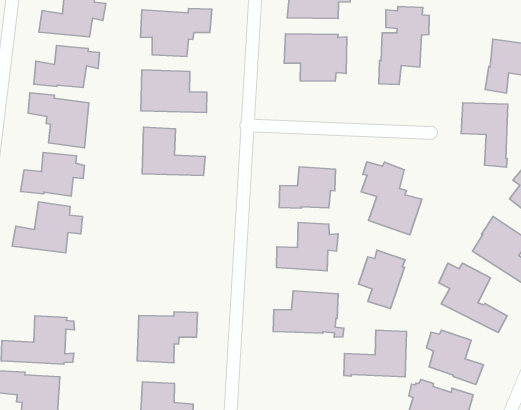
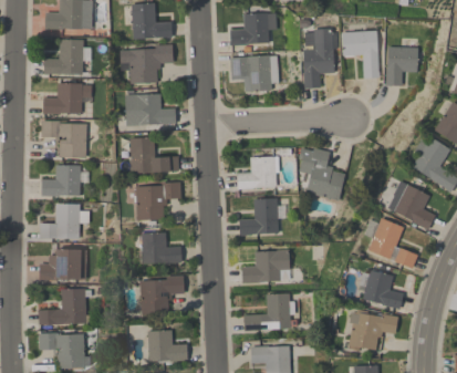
building: [461,103,508,167] -> [342,30,380,77]
building: none -> [135,182,181,220]
building: [359,250,405,308] -> none
building: none -> [135,232,181,263]
building: none -> [40,249,85,280]
building: [344,330,407,377] -> [243,293,291,331]

